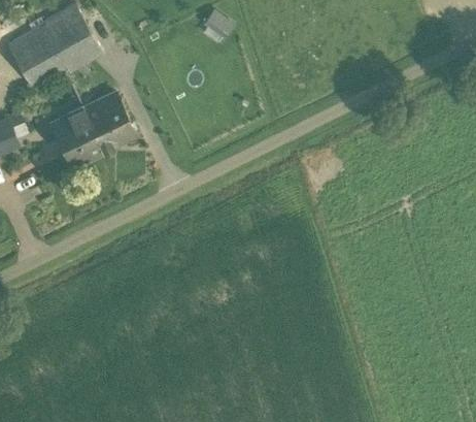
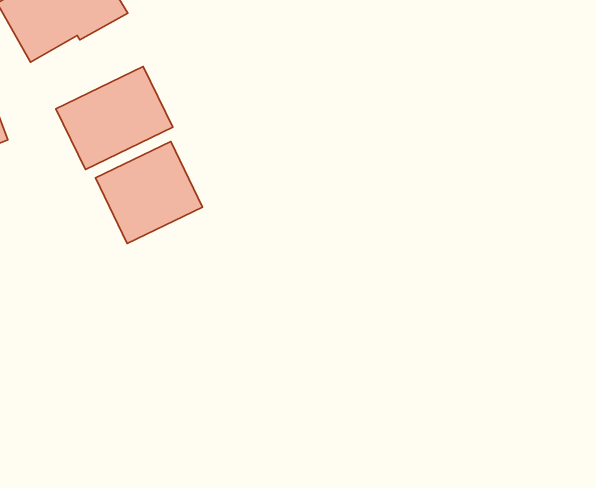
building: none -> [96,141,202,243]

